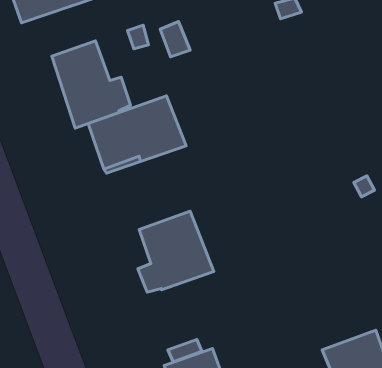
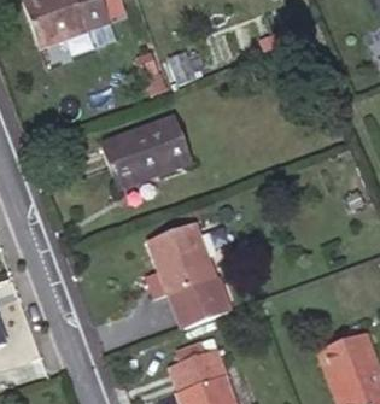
building: [52,41,130,128] -> none
building: none -> [171,277,228,327]

